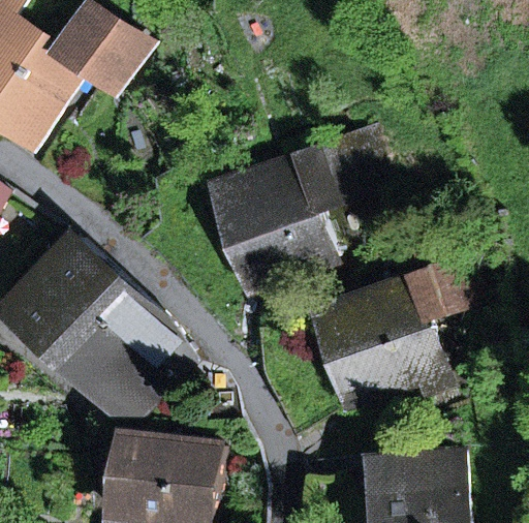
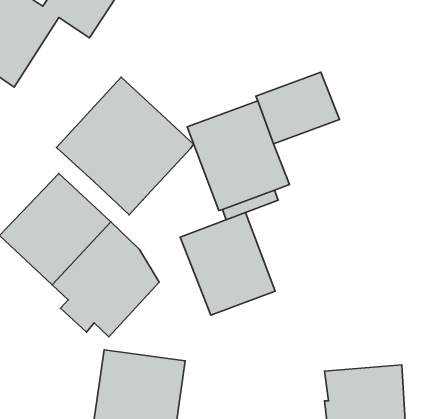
building: none -> [57,77,194,215]
building: [313,235,475,401] -> none
building: none -> [180,213,275,315]

